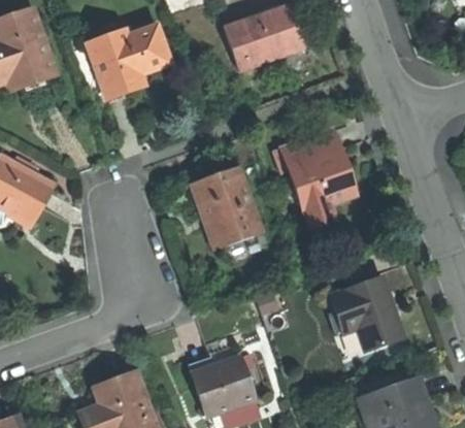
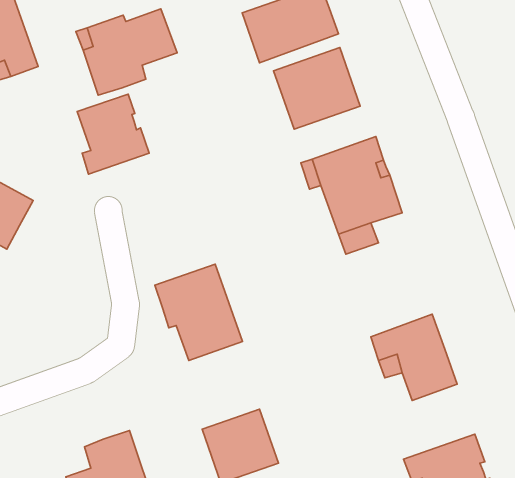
building: none -> [274,48,360,129]
building: none -> [77,94,149,174]
building: [192,167,264,246] -> [155,264,243,360]

